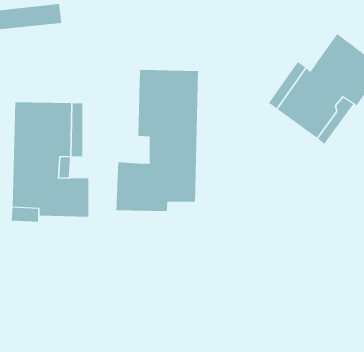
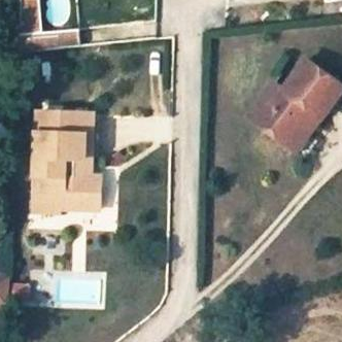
building: [116,69,198,212] -> none

